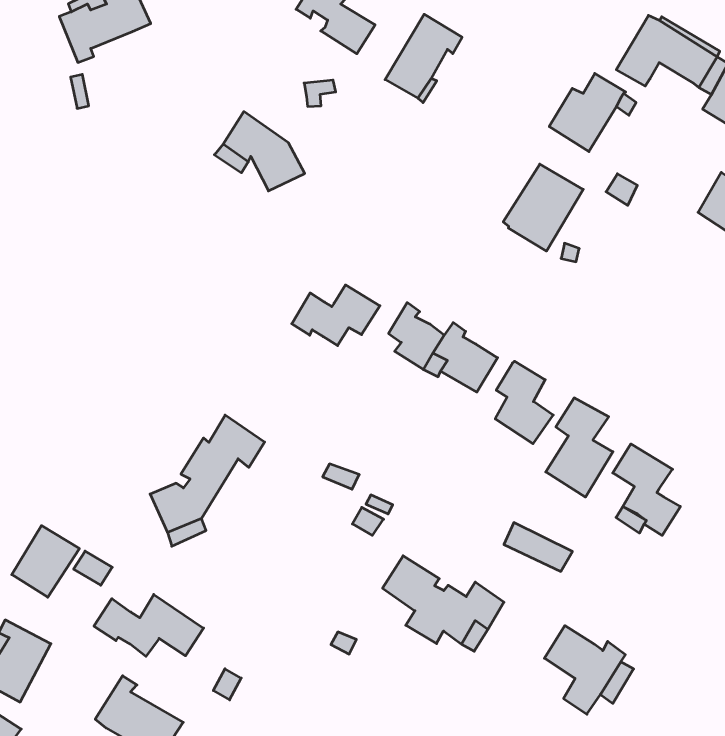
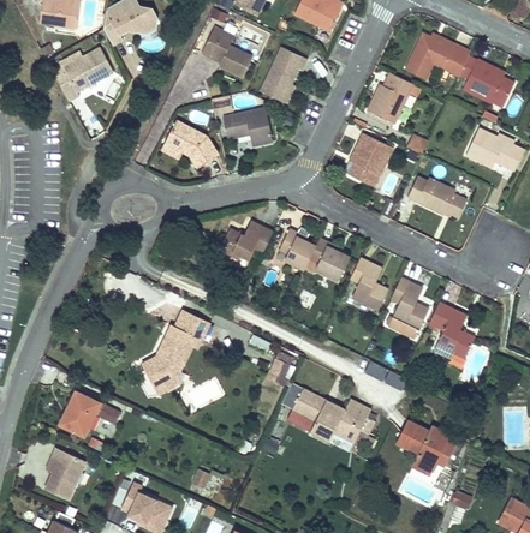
building: none -> [222,107,270,144]
building: none -> [409,176,466,216]
building: [94,594,204,656] -> none

